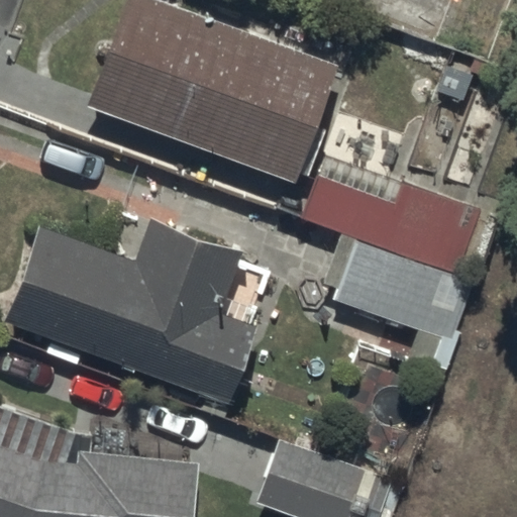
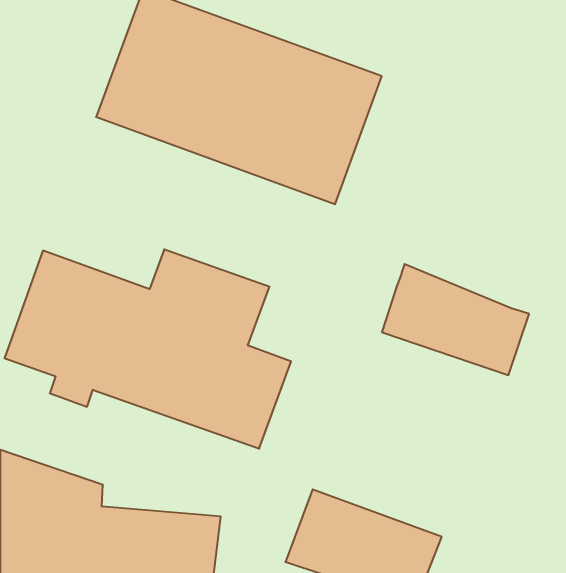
building: [303,127,480,278] -> none

